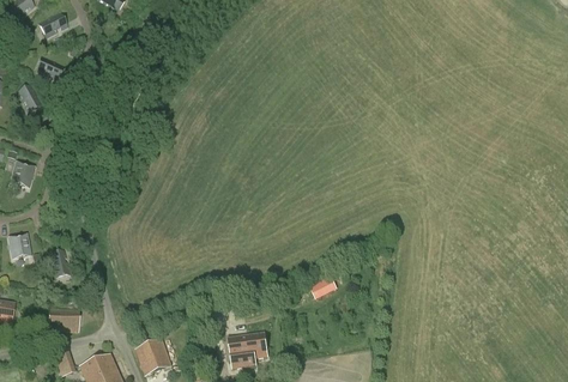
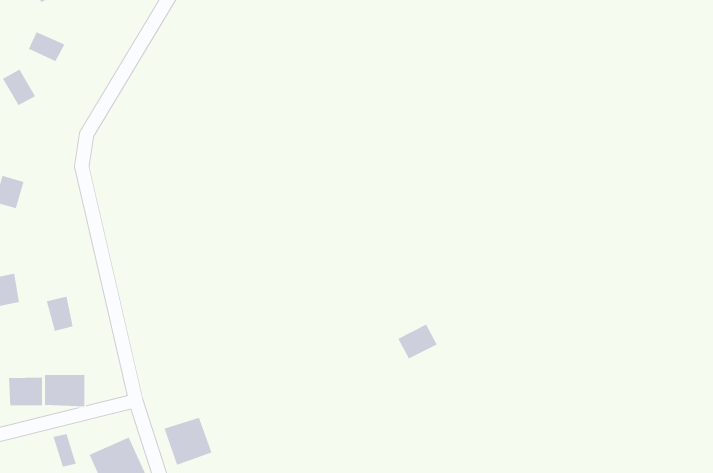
building: none -> [8,377,43,406]
building: [229,332,267,366] -> none

